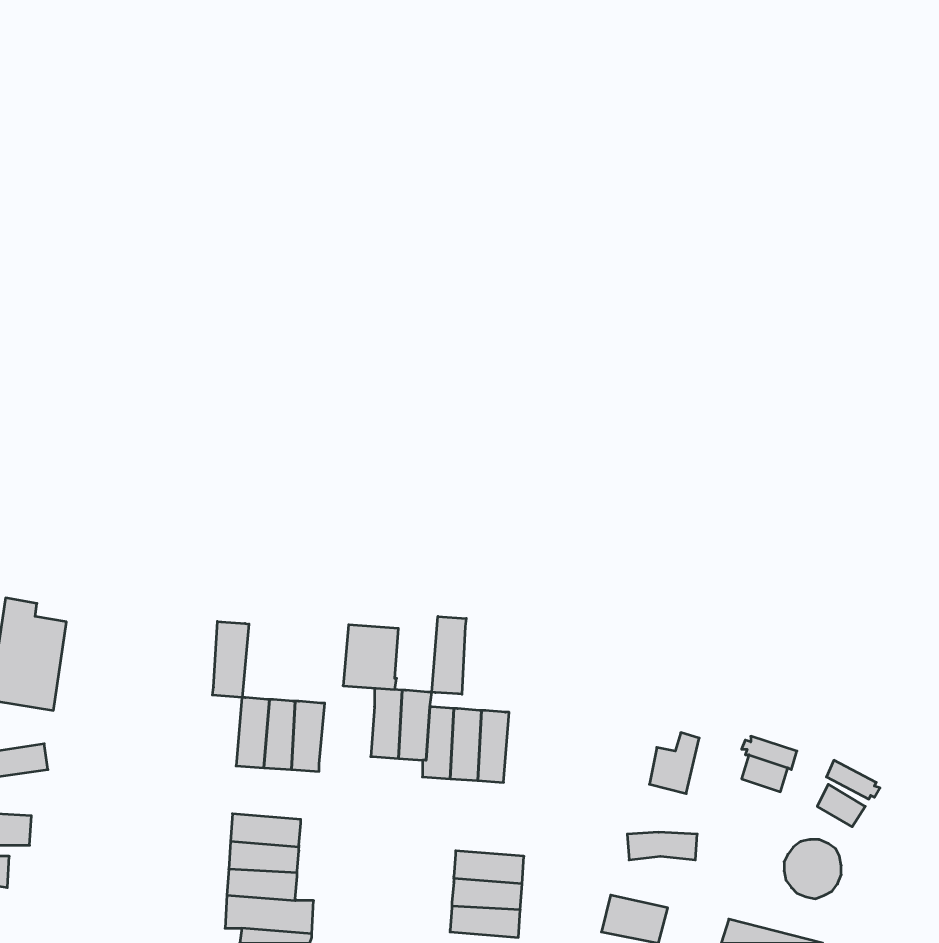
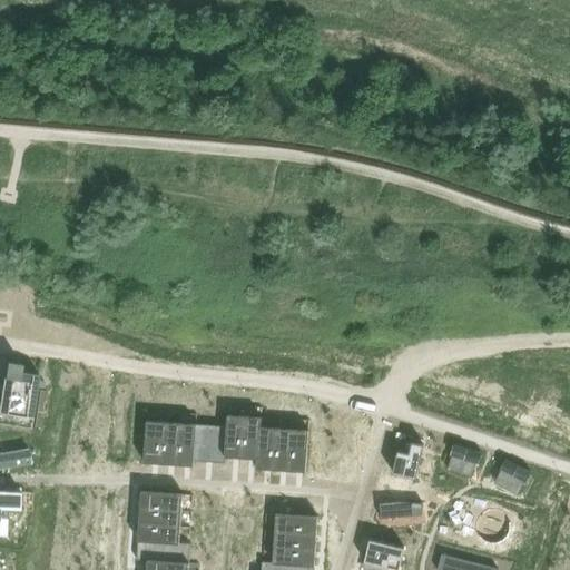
building: [432,616,466,694] -> none
building: [212,621,249,698] -> none
building: [343,625,398,689] -> [193,424,226,463]

